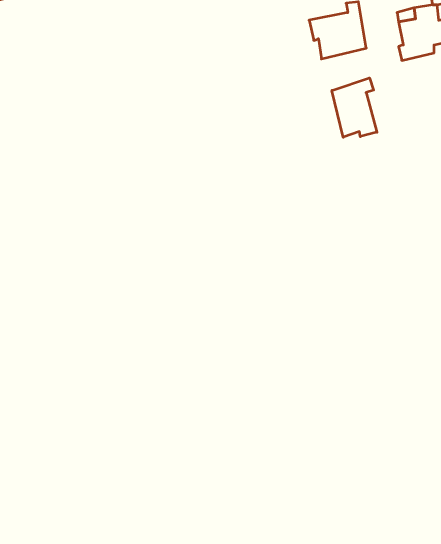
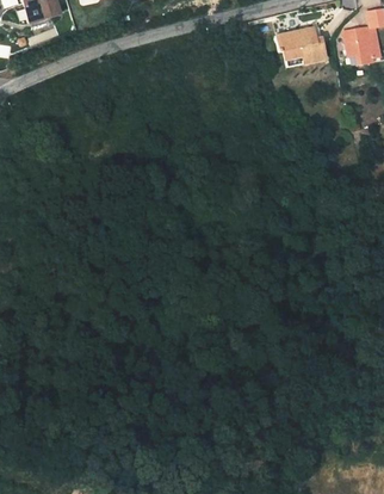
building: [332,78,377,137] -> none

